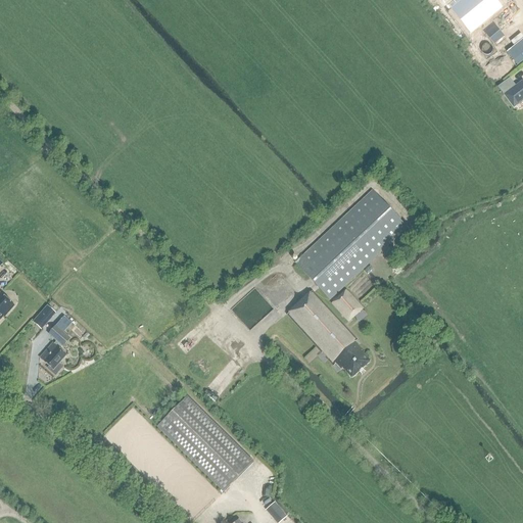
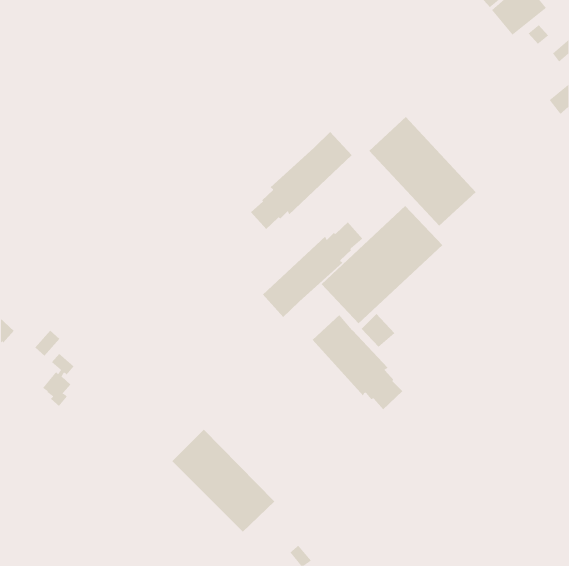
building: none -> [368,116,477,227]
building: none -> [250,131,353,230]
building: none -> [262,222,363,318]

